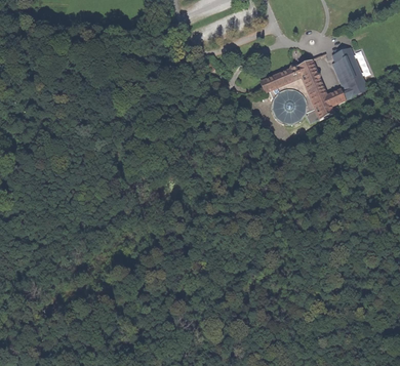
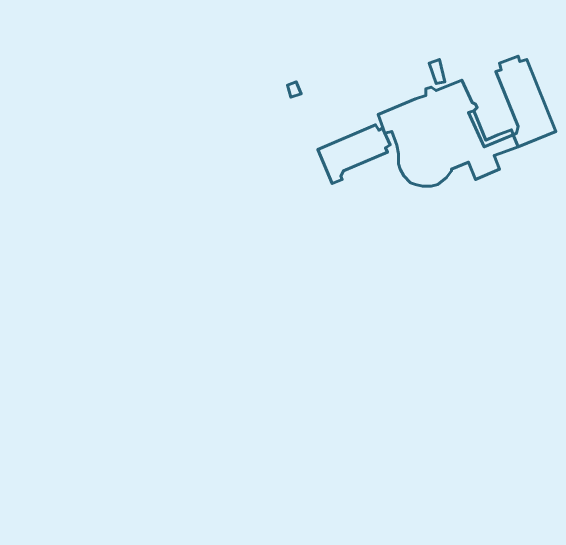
building: none -> [318,125,390,183]

